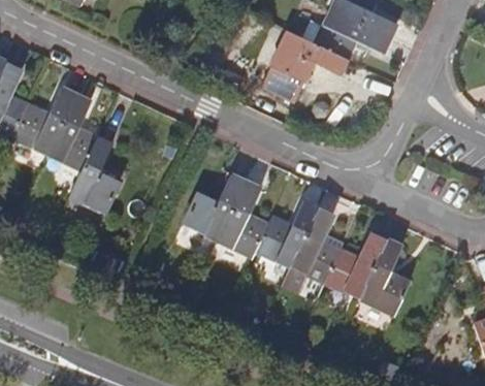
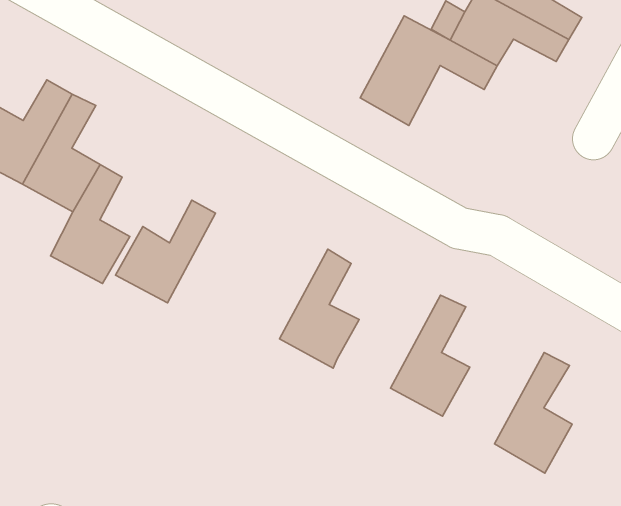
building: [185,174,246,240] -> [115,200,215,303]
building: [256,199,319,267] -> none
building: [325,231,387,298] -> none

